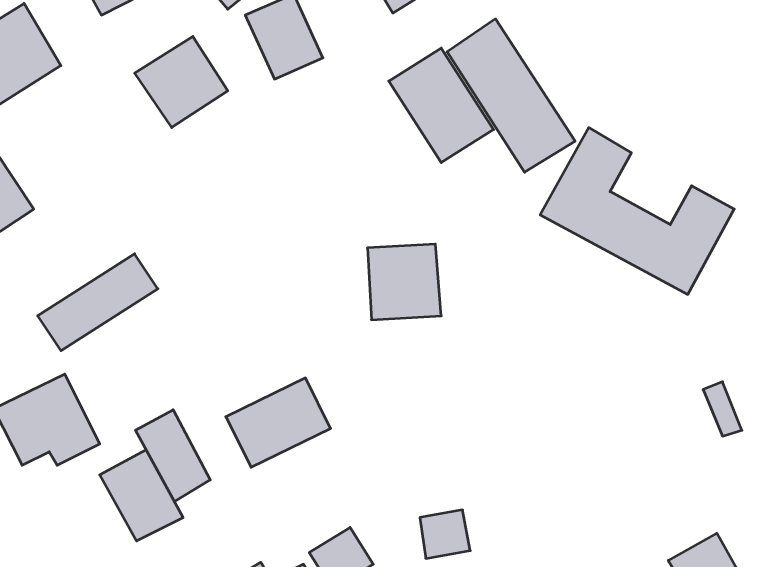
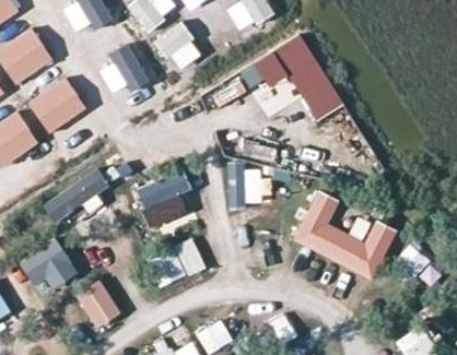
building: none -> [26,76,85,134]
building: [540,128,734,294] -> [290,188,399,282]
building: none -> [139,168,196,224]
building: [136,410,210,501] -> none

